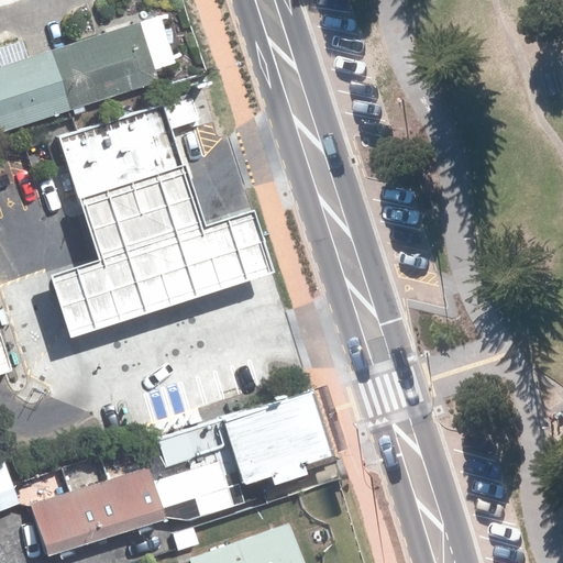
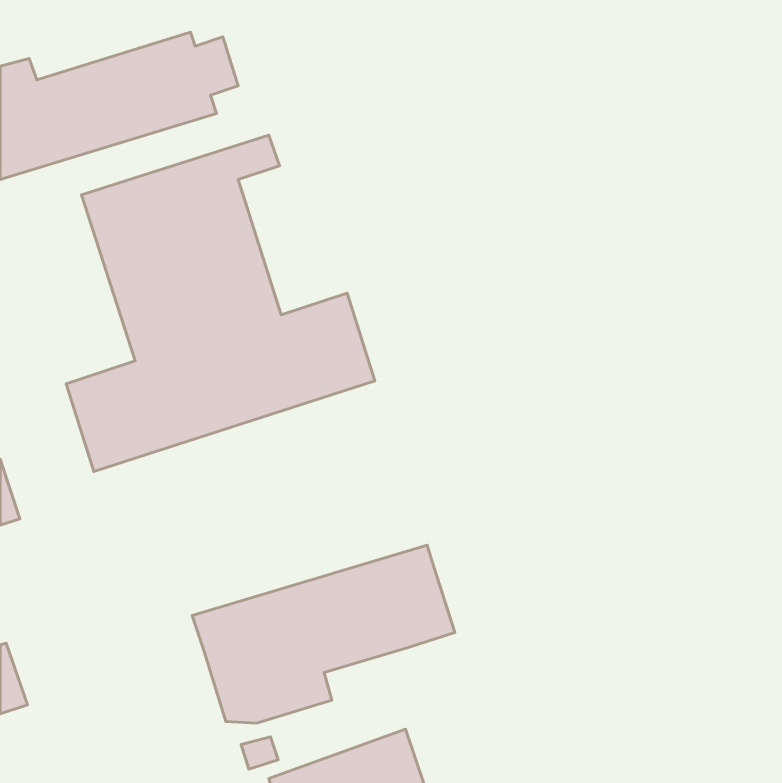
building: [29,468,164,553] -> none

